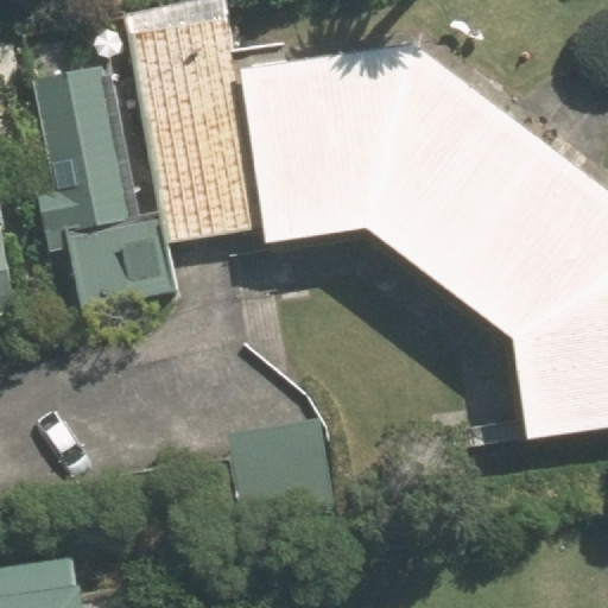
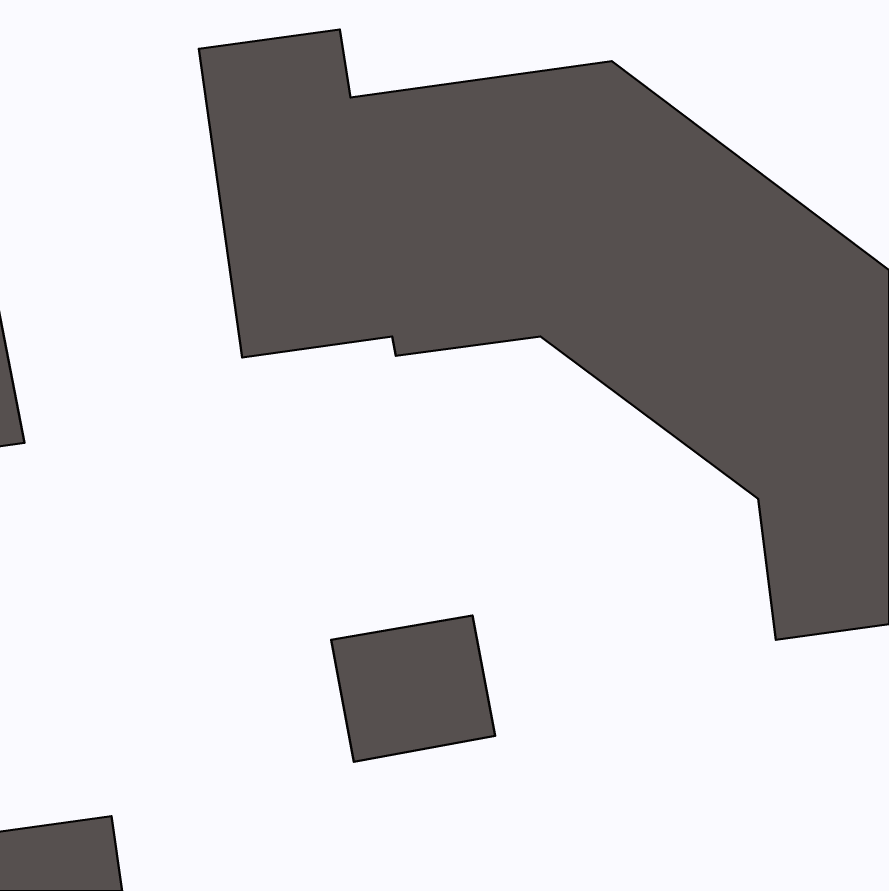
building: [32,65,169,310] -> none

